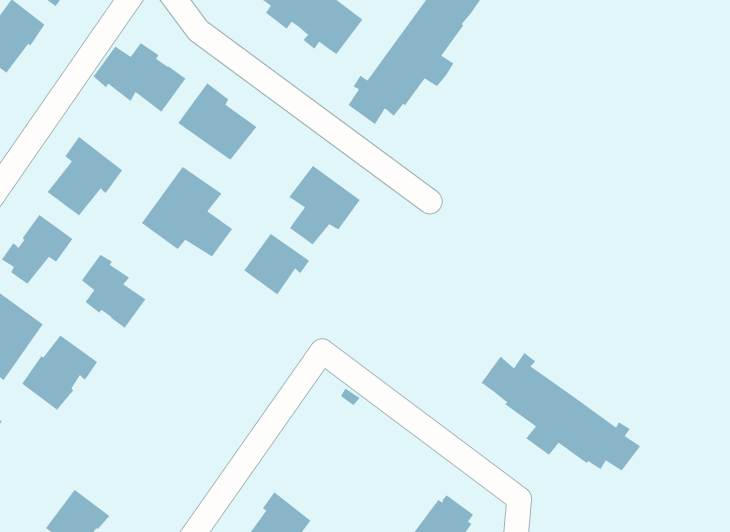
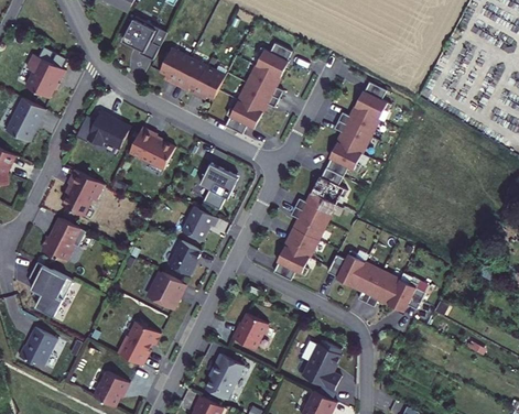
building: none -> [272,84,390,281]
building: [141,166,233,258] -> none
building: [81,254,146,329] -> none
building: none -> [167,240,202,275]
building: none -> [148,271,185,308]
building: [21,334,98,411] -> [117,322,159,366]
building: none -> [231,314,268,349]

